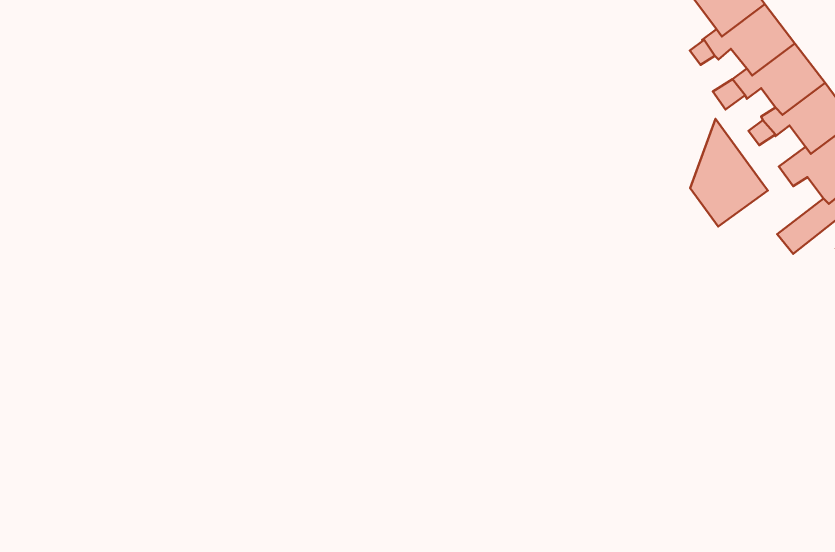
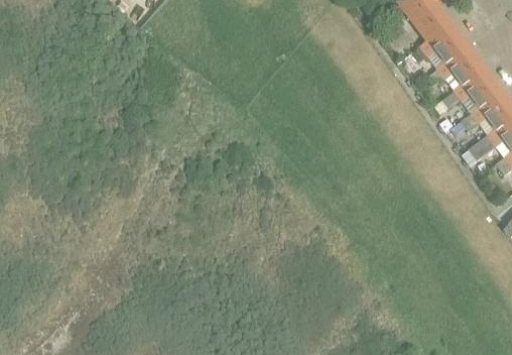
building: [690,119,768,226] -> none

